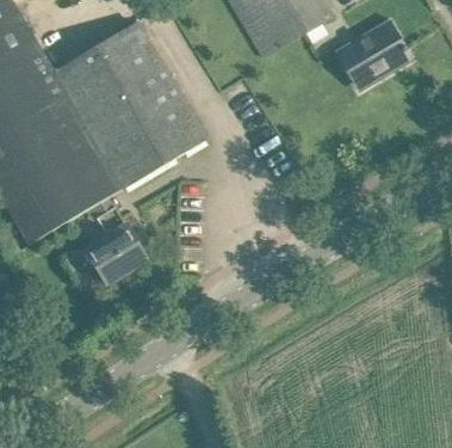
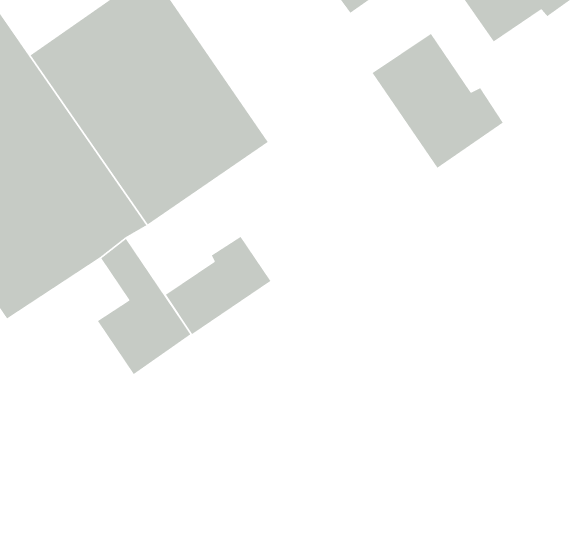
building: none -> [372,33,504,169]
building: none -> [165,236,272,335]

